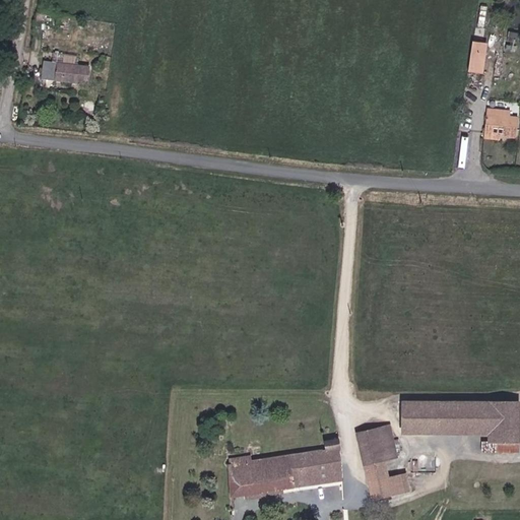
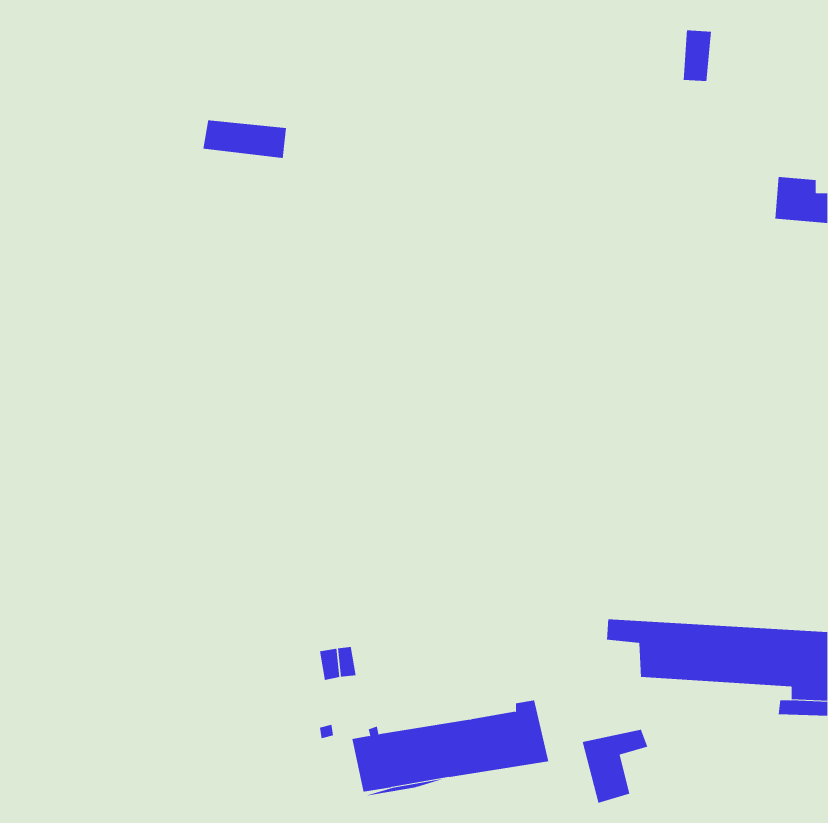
building: [470,43,489,75] -> [683,30,712,82]
building: [42,60,94,84] -> [203,120,287,159]
building: [355,426,406,469] -> none

